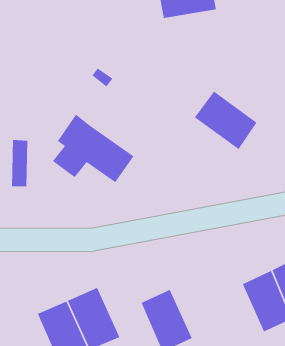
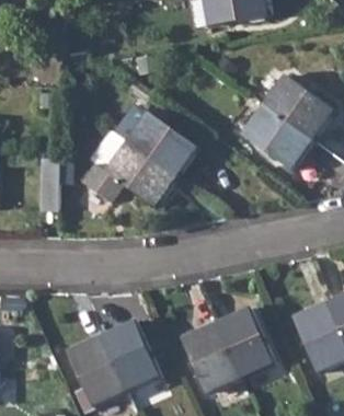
building: none -> [263,76,332,139]
building: none -> [126,112,197,176]
building: none -> [215,308,273,377]

